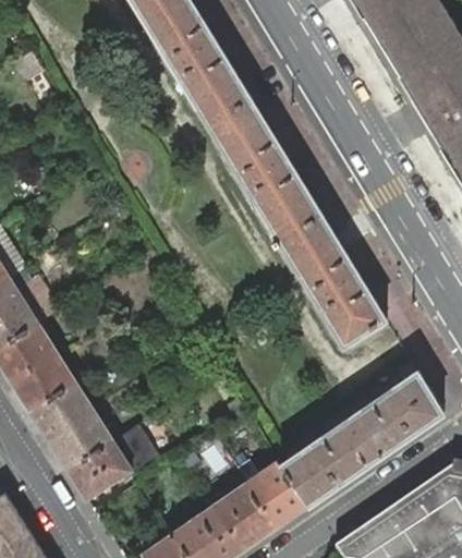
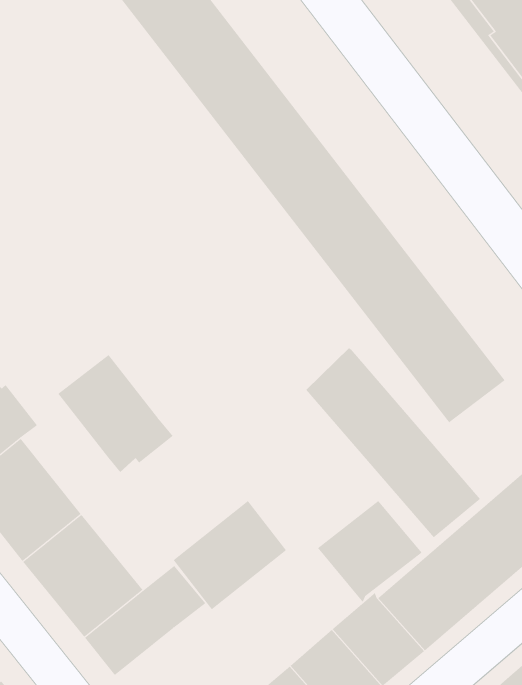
building: none -> [58,354,173,473]
building: none -> [305,347,481,538]
building: none -> [173,500,287,610]
building: none -> [317,500,422,603]

